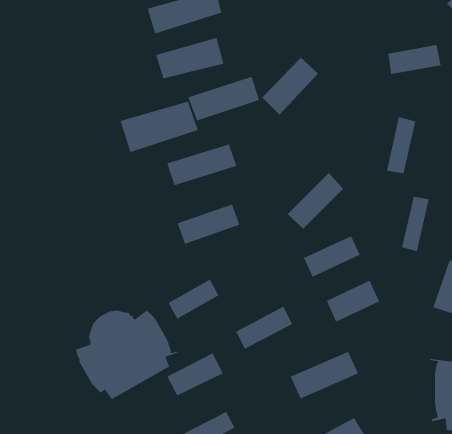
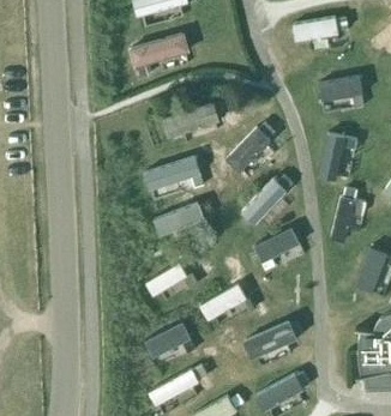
building: [155,37,224,79] -> none
building: [262,57,319,116] -> [225,126,271,173]
building: [120,101,199,153] -> none
building: [326,280,380,322] -> none
building: [69,305,178,400] -> none

